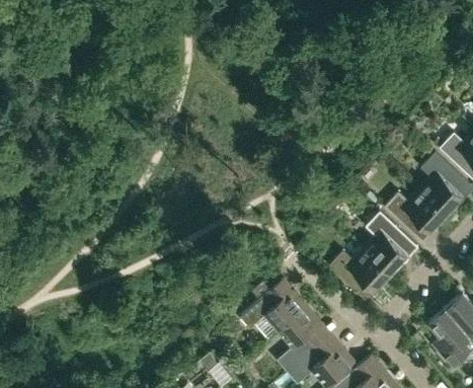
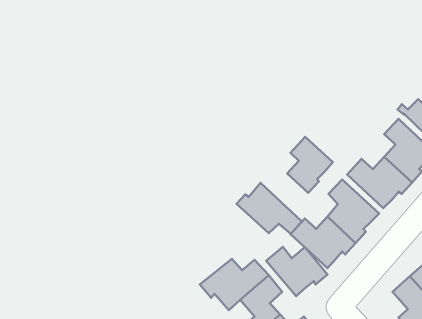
building: none -> [287,137,333,193]
building: none -> [237,183,302,234]
building: none -> [266,247,328,296]

